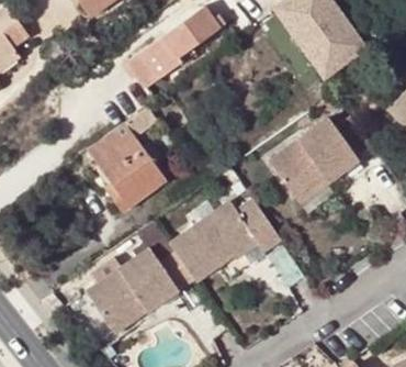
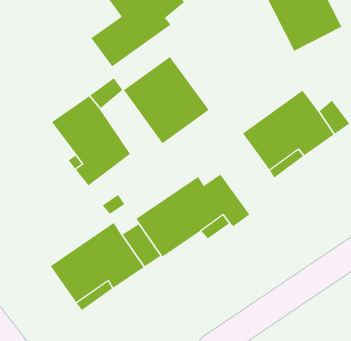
building: none -> [123,56,209,144]

